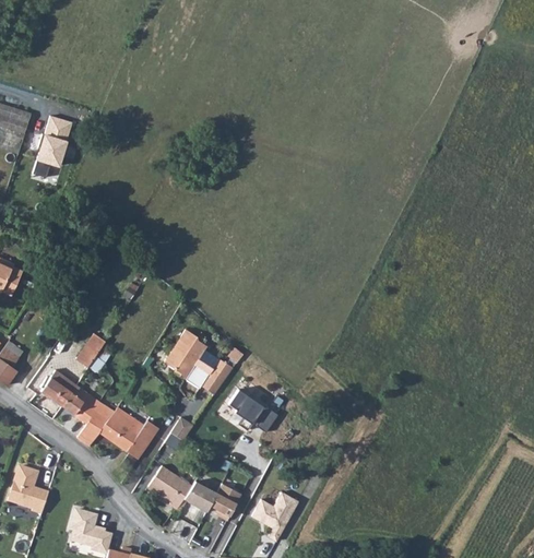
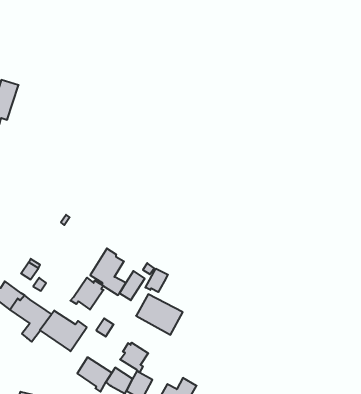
building: none -> [145,269,168,292]
building: none -> [70,278,104,310]
building: none -> [120,343,148,373]

